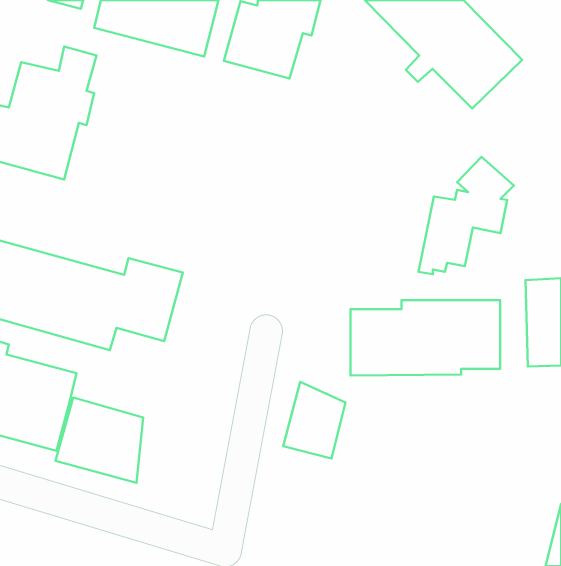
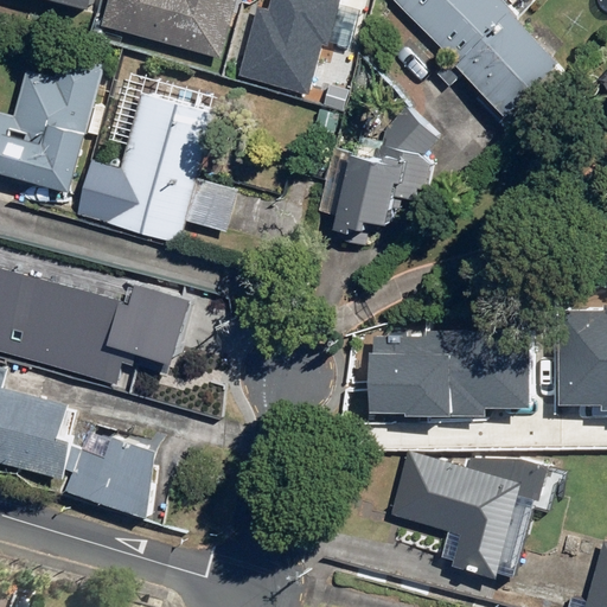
building: none -> [72,97,236,247]
building: [418,157,514,274] -> [336,110,437,236]
building: [283,382,346,458] -> none
building: none -> [390,453,548,581]

